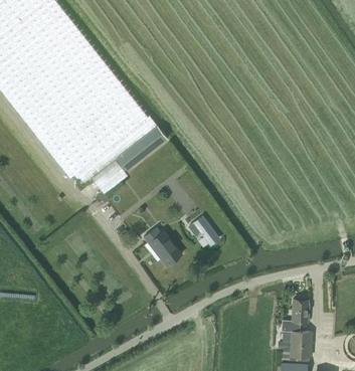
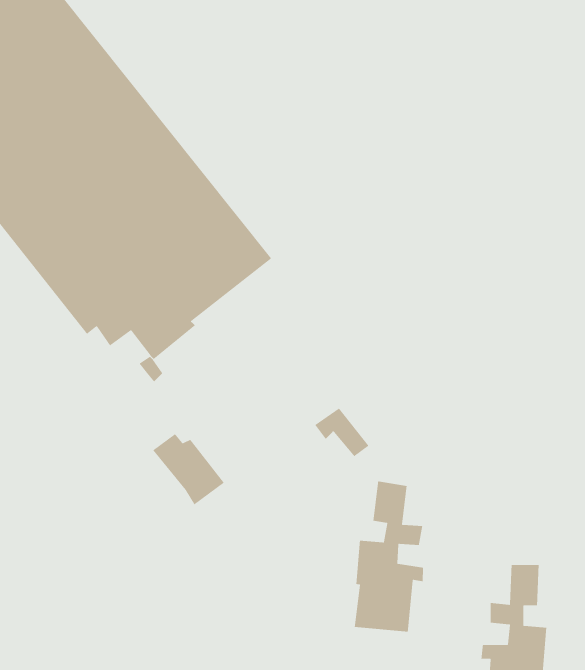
building: [144,227,182,265] -> [152,433,225,506]
building: none -> [354,481,424,633]

